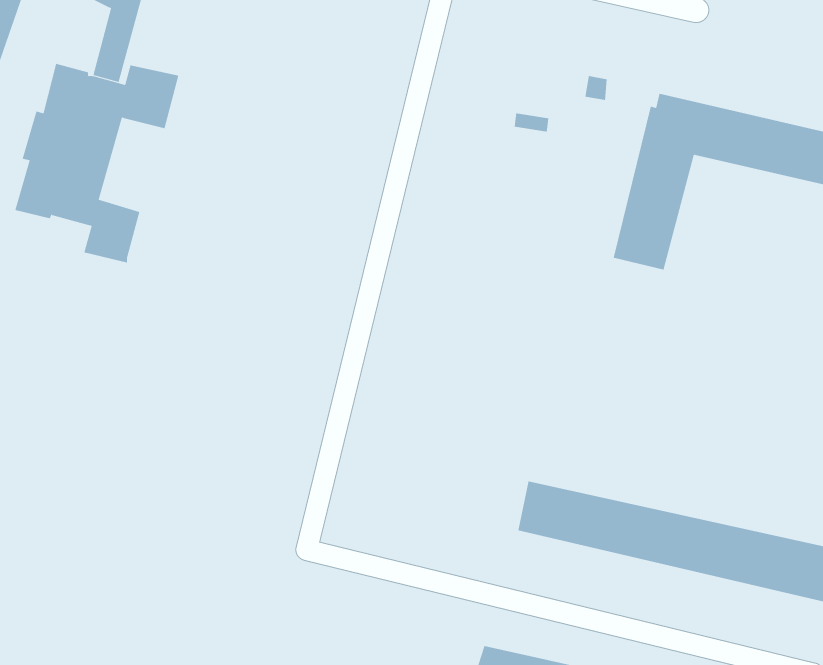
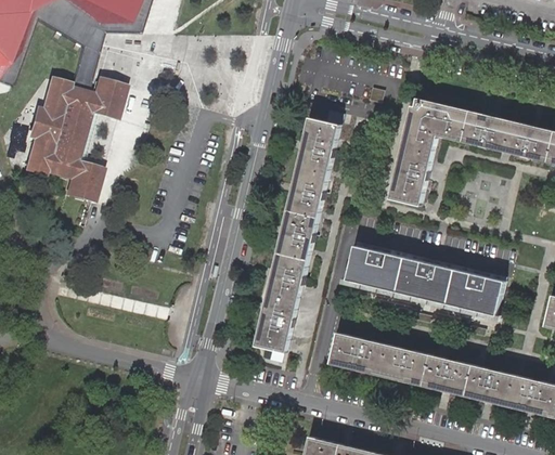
building: none -> [255,116,339,352]
building: none -> [346,248,503,317]

